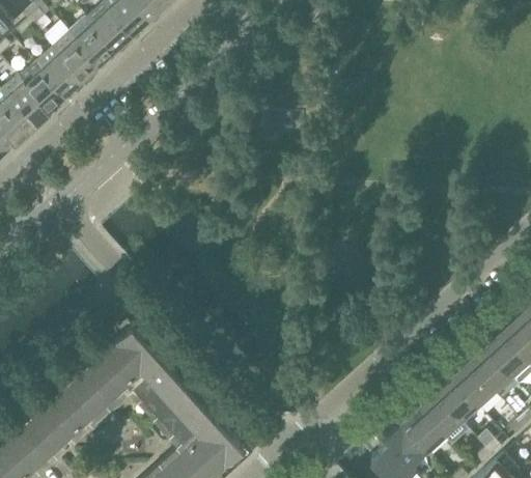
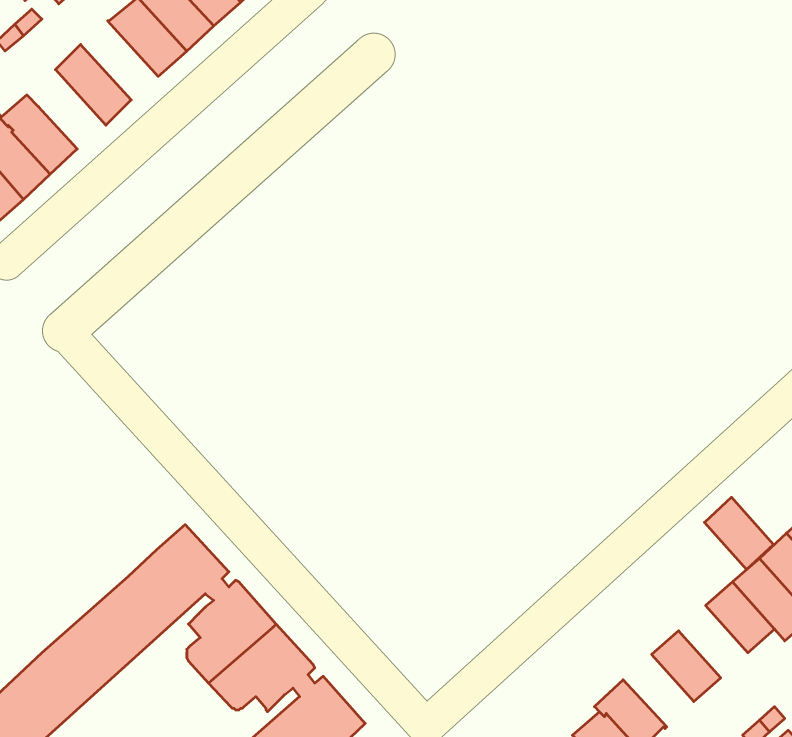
building: [64,21,112,69] -> none
building: [31,51,80,100] -> none
building: [432,381,475,425] -> [704,497,774,570]
building: [398,411,442,455] -> none

